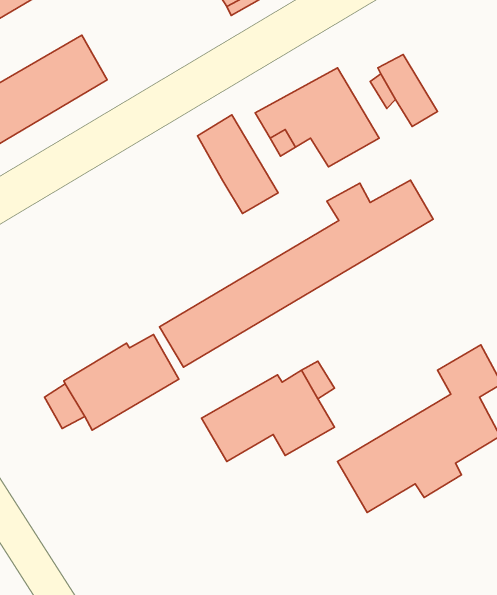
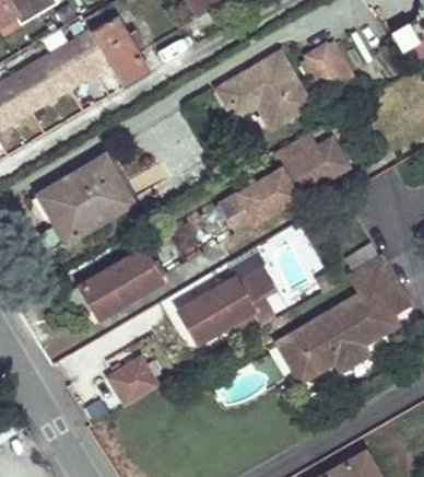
building: [198,115,278,214] -> [92,15,151,88]
building: none -> [37,154,136,242]
building: none -> [107,354,160,406]

